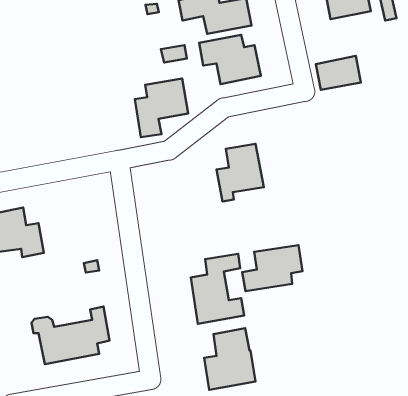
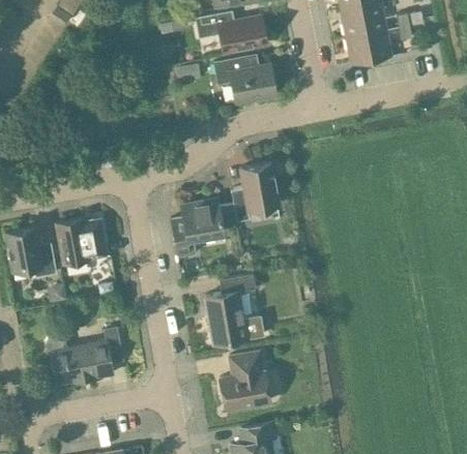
building: [316,56,361,90] -> [347,29,392,63]
building: [135,79,188,137] -> [171,198,225,256]
building: none -> [57,218,107,264]
building: [242,245,303,291] -> none

